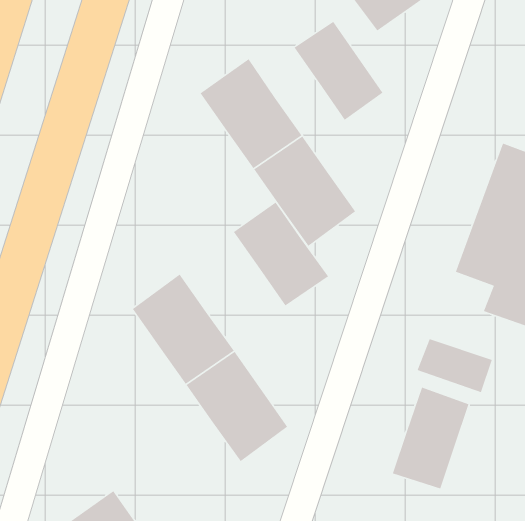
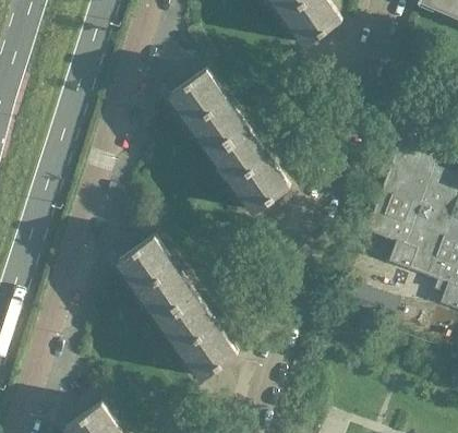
building: [293,21,383,121] -> none
building: [233,201,329,306] -> none
building: [392,387,469,489] -> none

